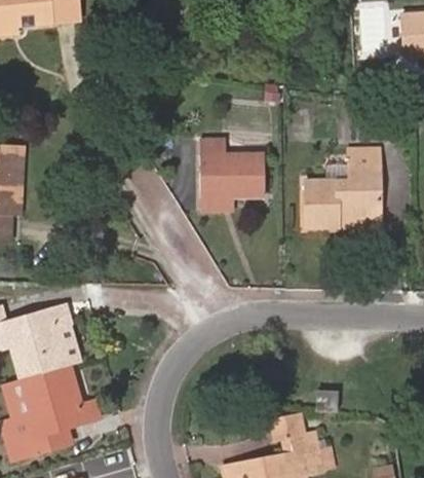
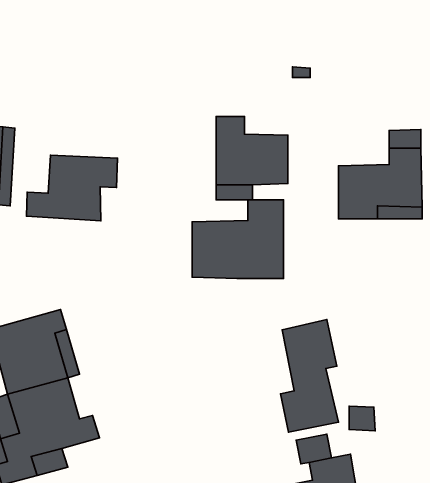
building: none -> [27,155,117,221]
building: none -> [192,200,284,279]
building: none -> [280,319,338,432]

